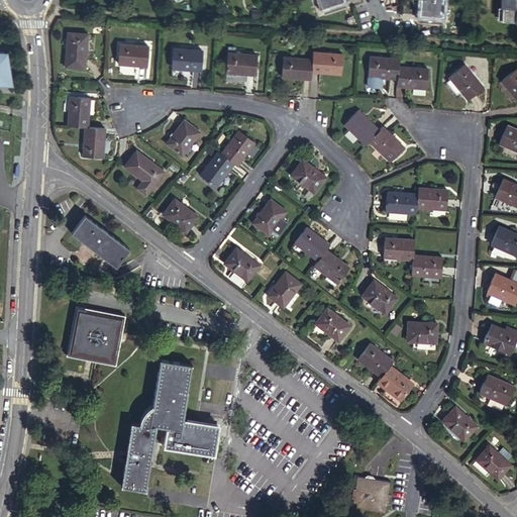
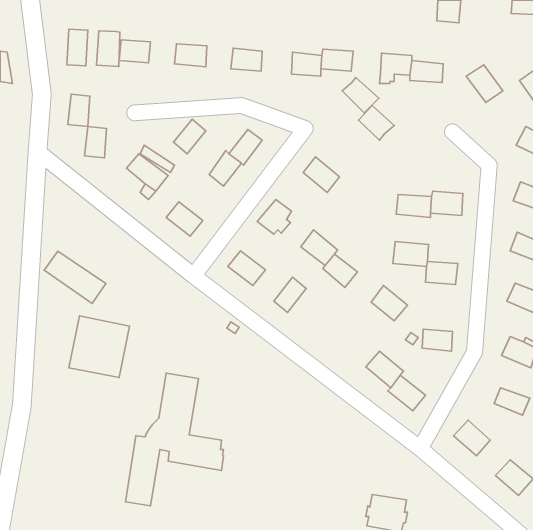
building: none -> [96,31,120,67]
building: [373,120,408,154] -> [342,77,379,113]
building: [72,217,131,268] -> [44,251,106,303]
building: [311,309,346,343] -> none

